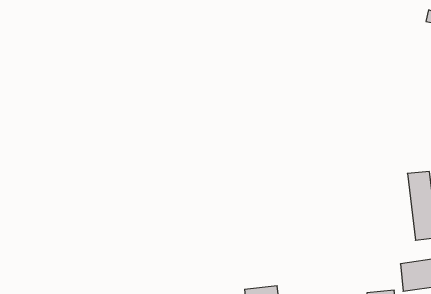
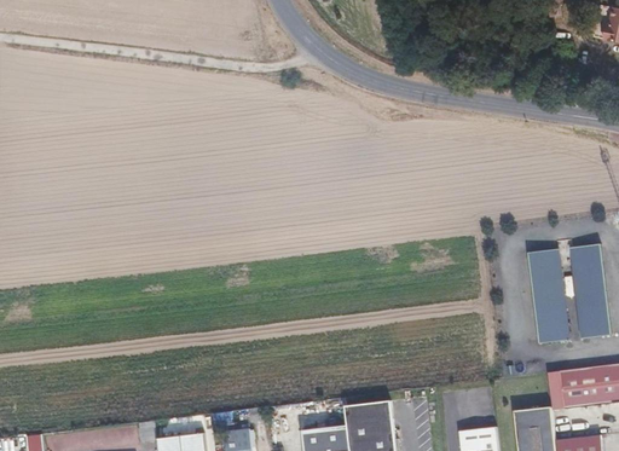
building: none -> [527,249,568,343]

